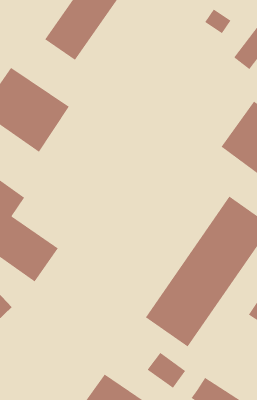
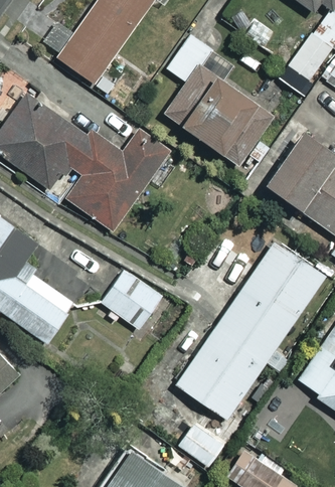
building: none -> [164,35,274,165]
building: none -> [66,129,168,230]
building: none -> [102,270,161,328]

